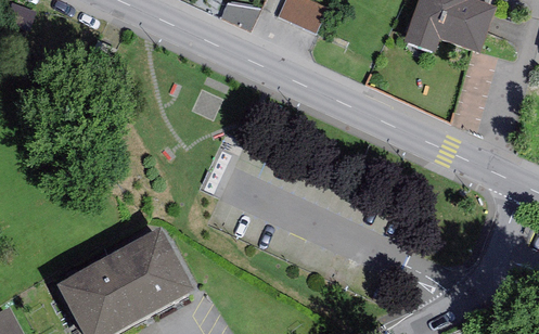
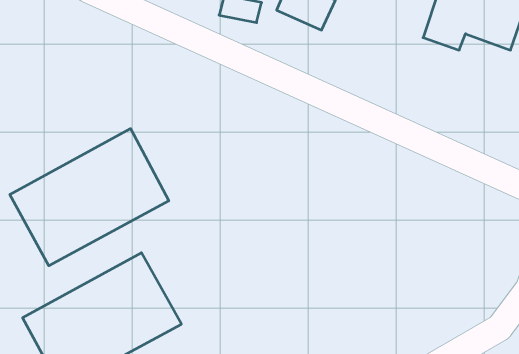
building: none -> [10,129,169,266]

